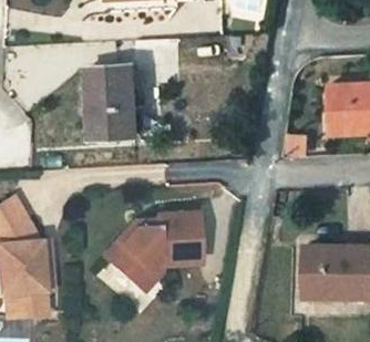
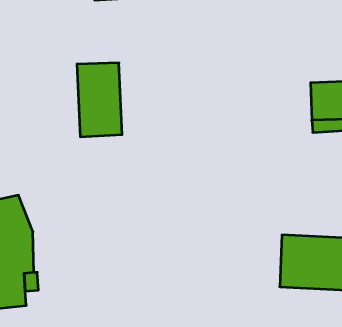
building: [92,213,198,278] -> none

